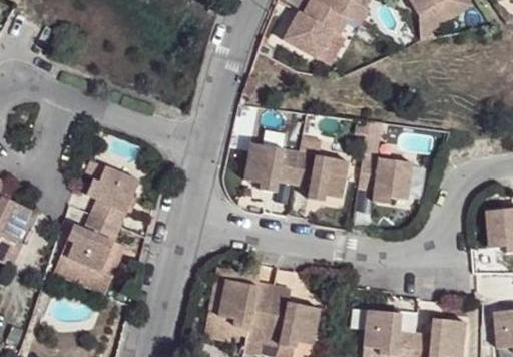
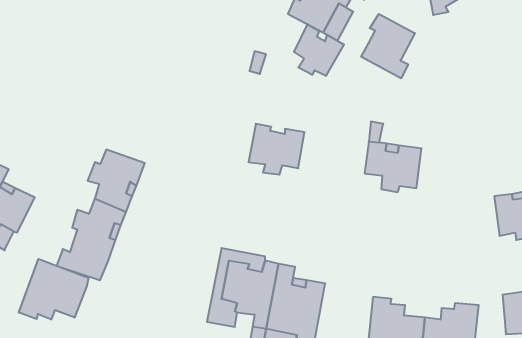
building: none -> [361,14,415,78]
building: none -> [294,25,344,76]
building: [292,150,346,200] -> none
building: none -> [19,259,88,320]

